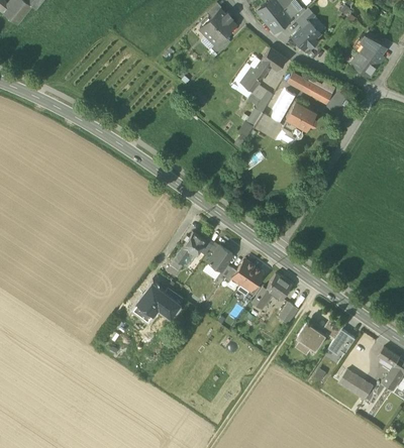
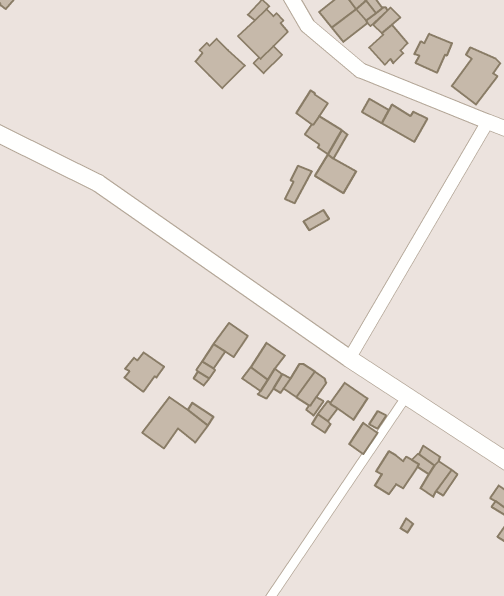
building: none -> [414,34,452,73]
building: none -> [195,39,245,88]
building: [255,48,286,77] -> none
building: [287,103,315,129] -> none
building: none -> [124,352,164,392]
building: [337,367,375,400] -> none

